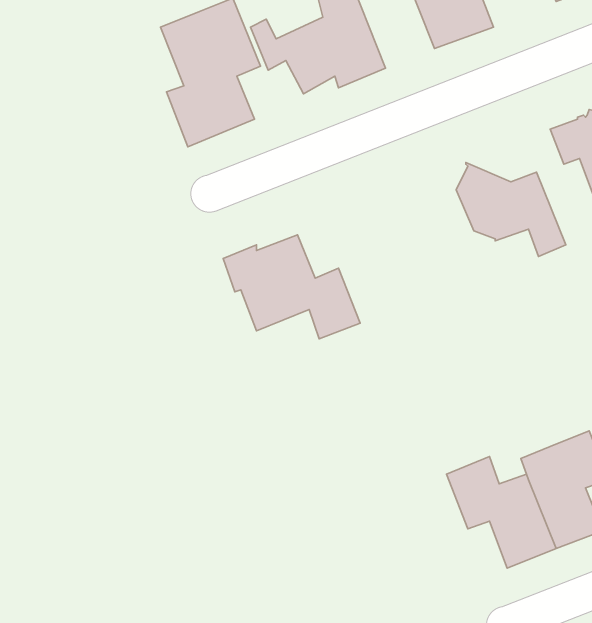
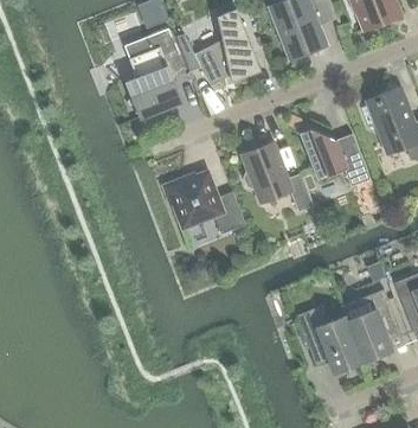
building: none -> [242,141,313,211]

